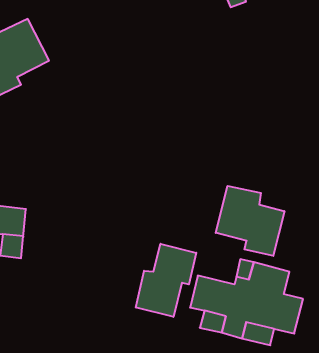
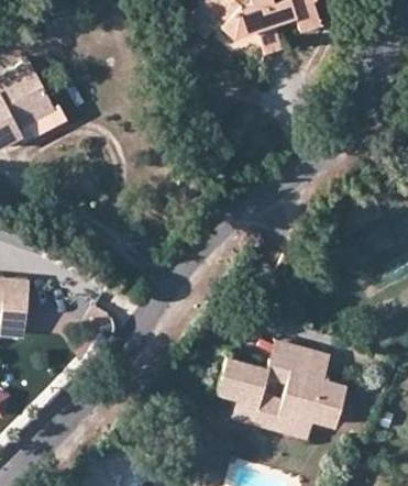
building: [216,186,284,256] -> none
building: [136,244,196,317] -> none

